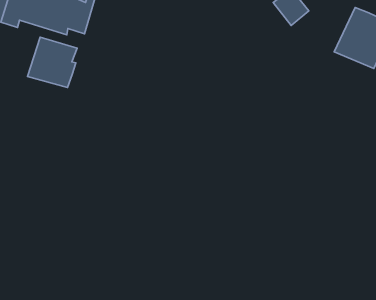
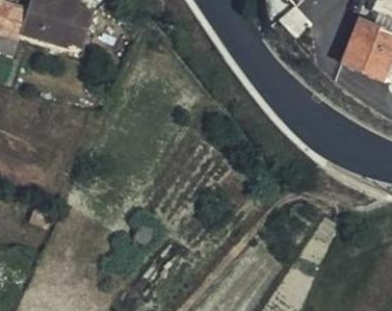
building: [27,37,77,88] -> none

